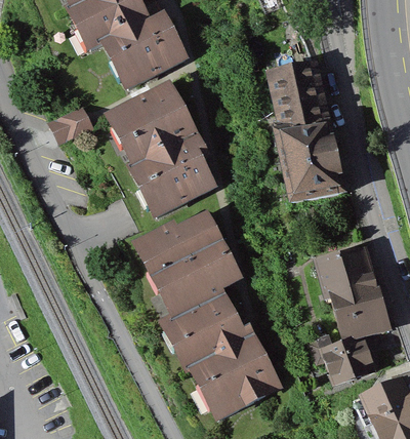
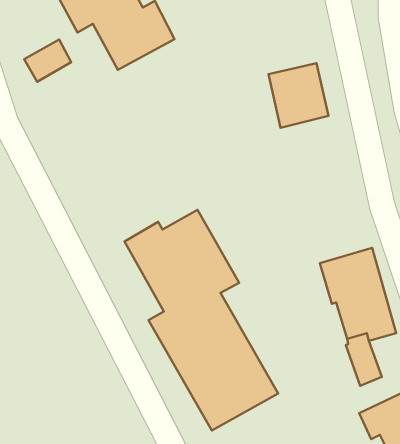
building: [111,82,213,208] -> none
building: [52,105,96,145] -> [24,39,71,82]
building: [273,123,343,212] -> none
building: [318,333,355,384] -> none

